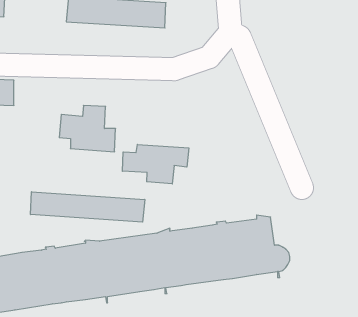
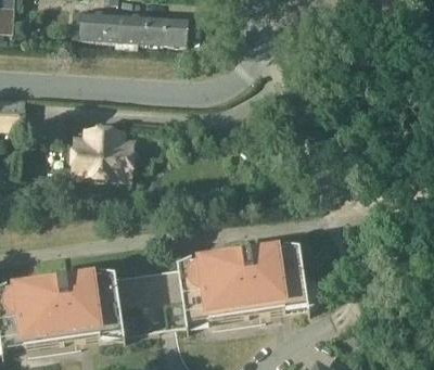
building: [122,144,189,184] -> none
building: [31,192,145,222] -> none

